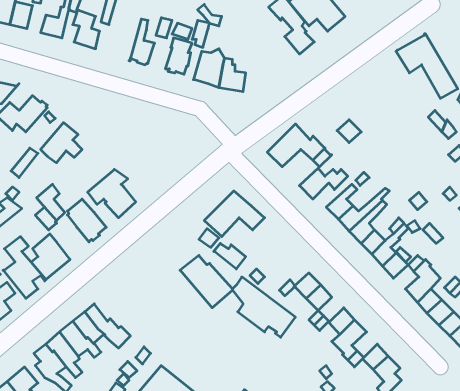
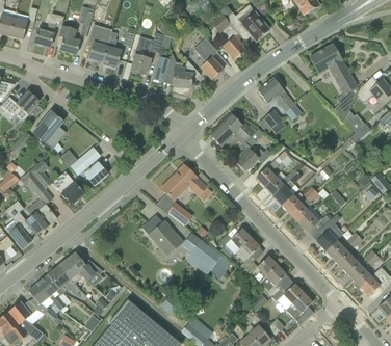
building: none -> [88,26,111,62]
building: none -> [193,38,223,79]
building: none -> [257,78,294,112]

